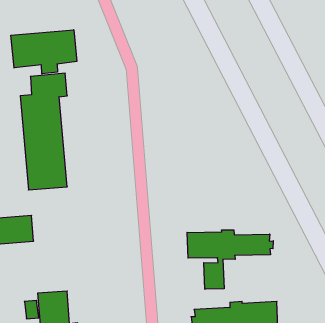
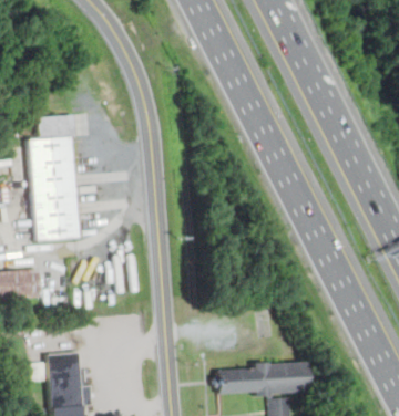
building: [11,30,77,74] -> none
building: [187,230,273,289] -> none

